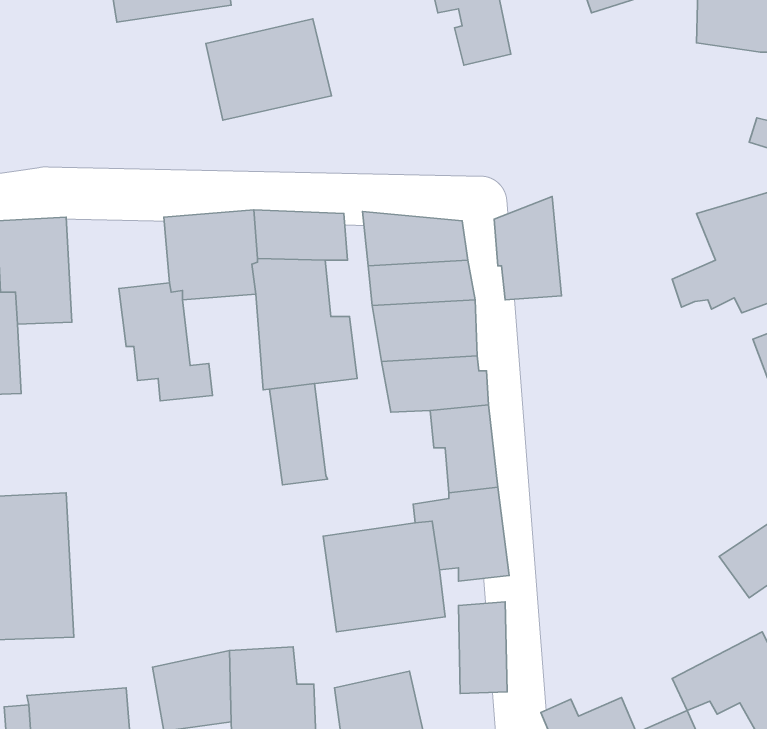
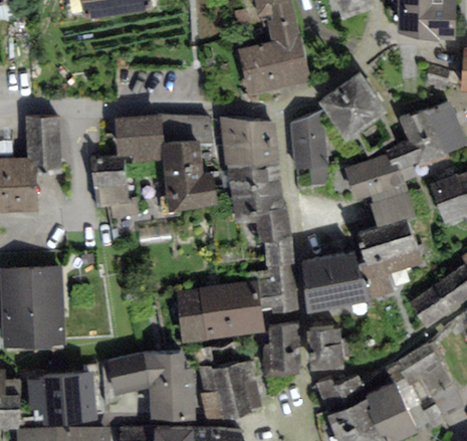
building: [206,19,332,120] -> [242,35,309,89]
building: none -> [320,68,386,134]
building: none -> [344,153,414,221]
building: [269,384,328,485] -> [175,290,206,345]
building: none -> [357,218,419,291]
building: none -> [303,250,364,305]
building: none -> [308,324,340,363]

